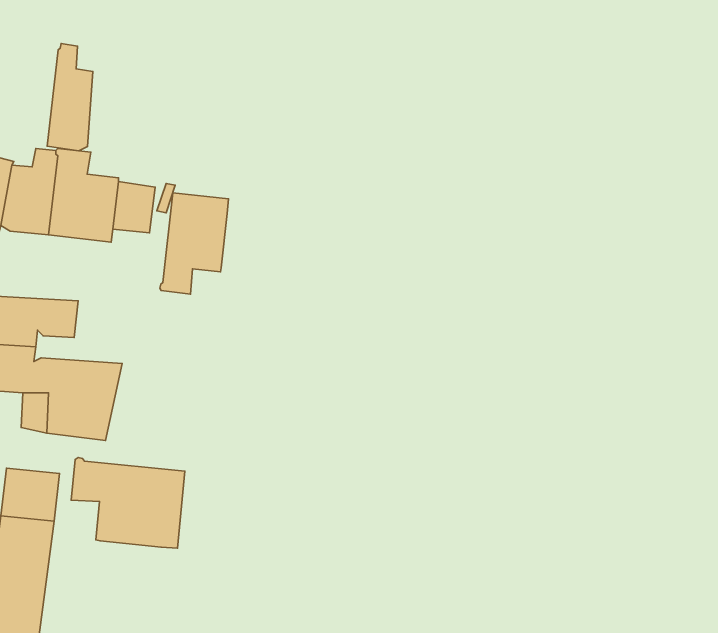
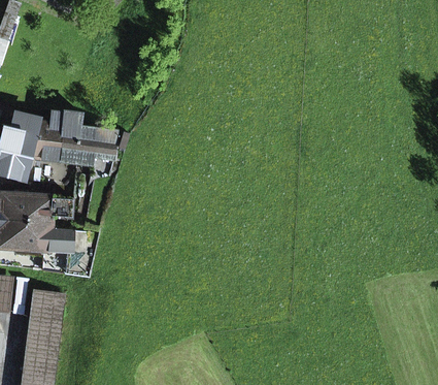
building: [47,44,93,151] -> none
building: [160,193,229,294] -> none
building: [71,458,185,548] -> none

